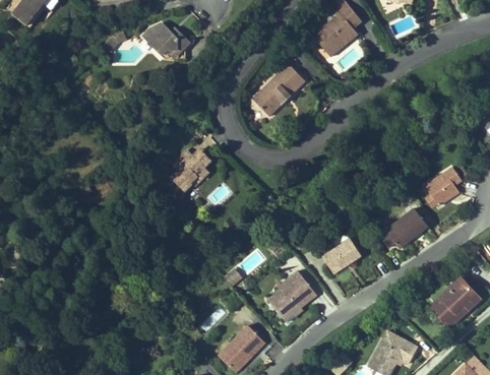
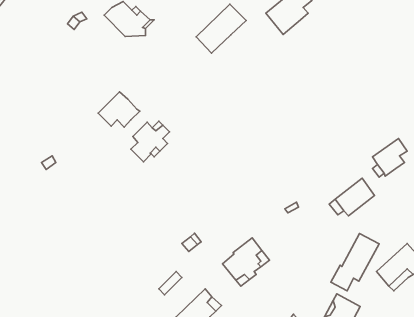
building: [252,64,305,116] -> [196,4,246,53]
building: none -> [98,92,140,127]
building: [322,239,361,273] -> none
building: none -> [331,233,379,291]

